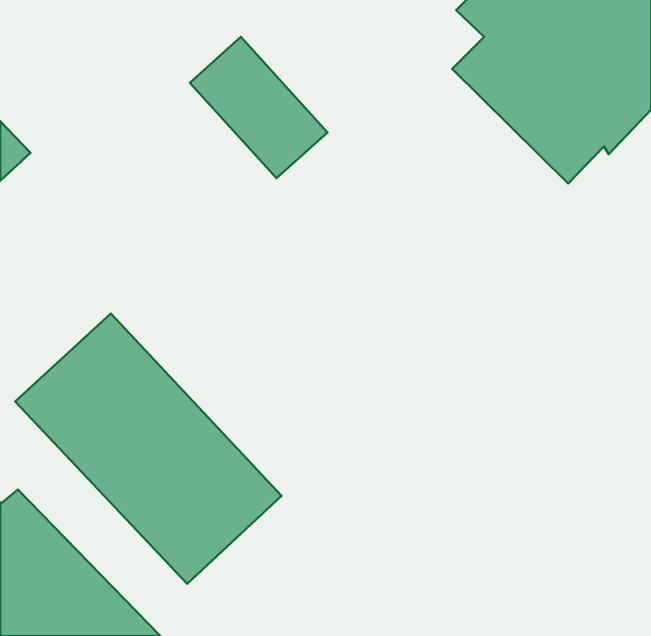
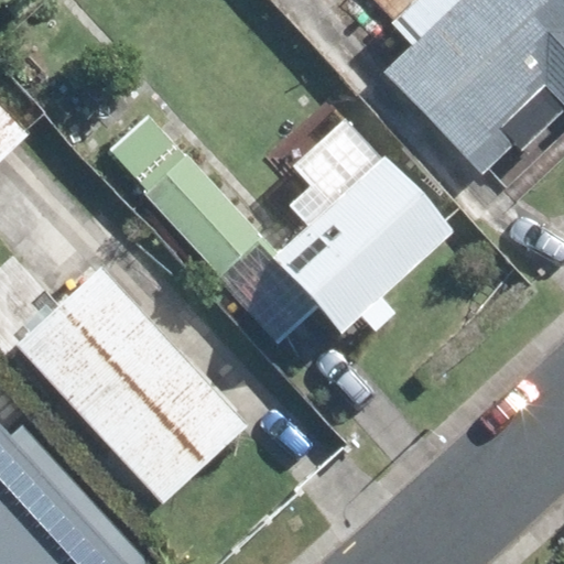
building: [190,37,327,178] -> [141,152,260,274]
building: none -> [281,145,457,317]

